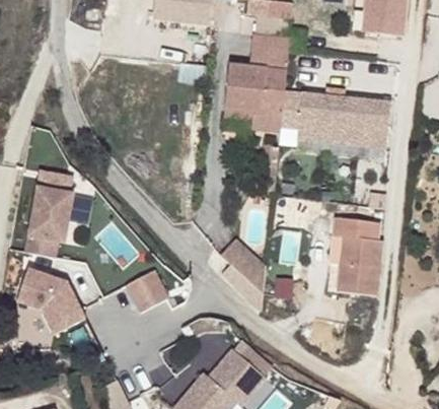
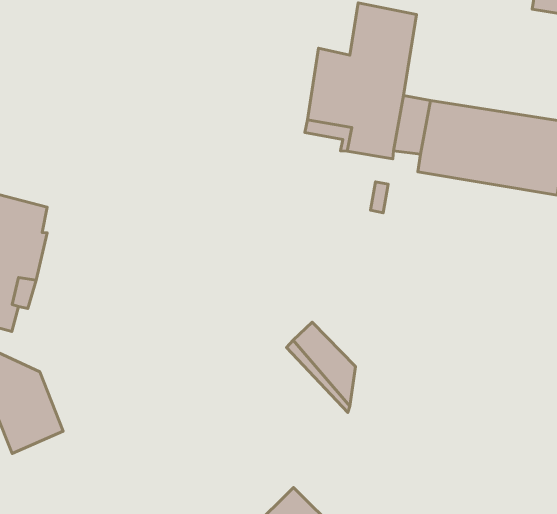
building: [333,216,383,294] -> none
building: [124,270,166,313] -> none

